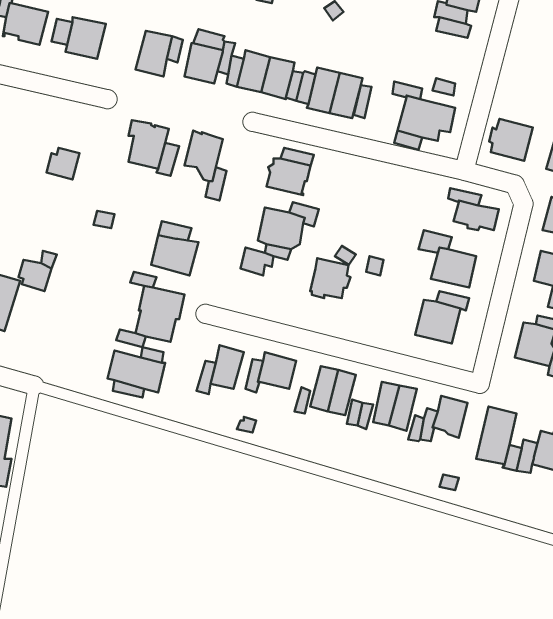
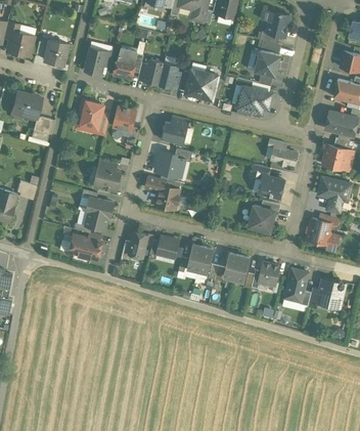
building: none -> [14,92,42,118]
building: [489,119,533,161] -> [255,50,280,75]
building: [310,258,350,298] -> [156,184,180,208]

